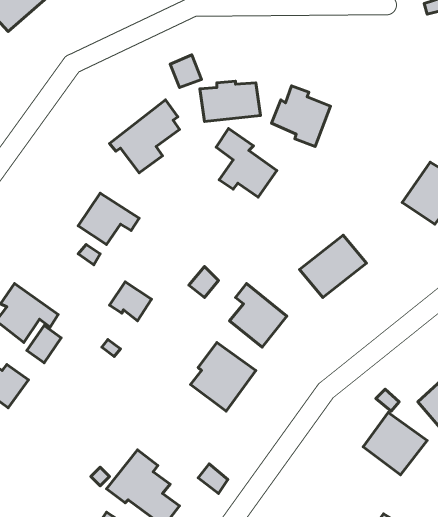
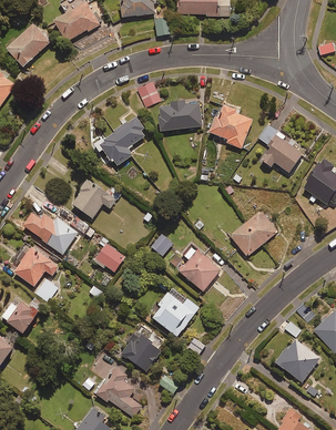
building: [216,129,277,197] -> [258,123,302,172]
building: none -> [23,213,78,254]
building: none -> [121,332,161,370]

